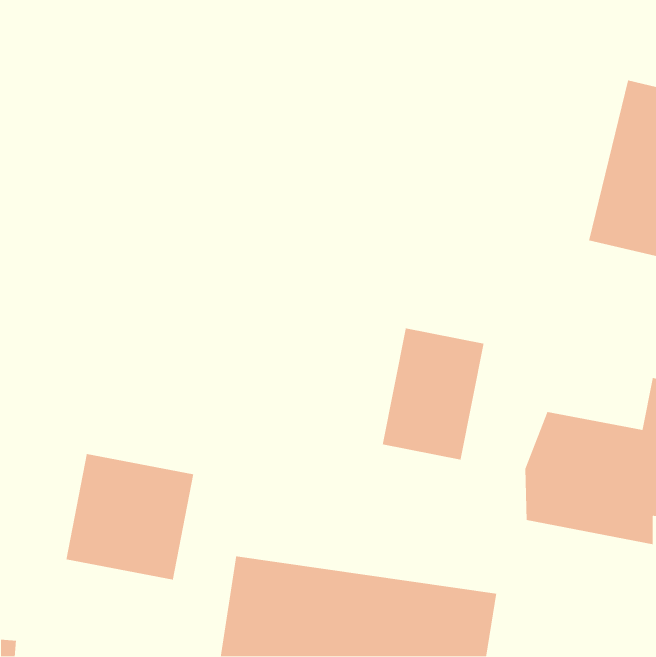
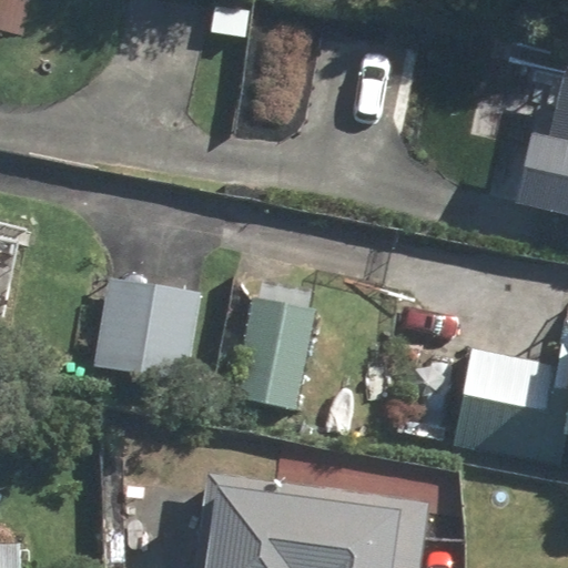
building: [382,328,485,460] -> [234,297,322,410]
building: [65,453,194,581] -> [93,278,203,387]

